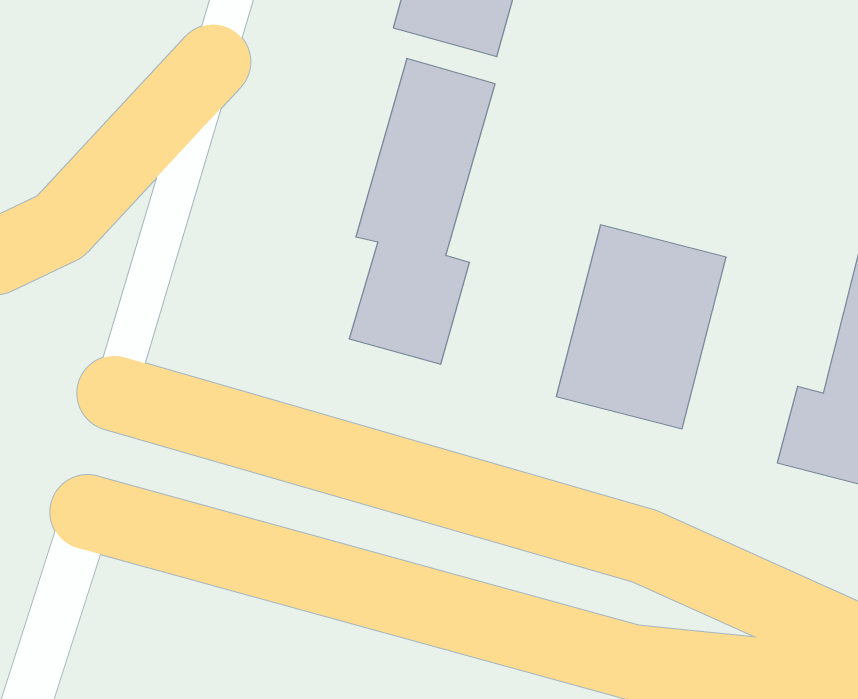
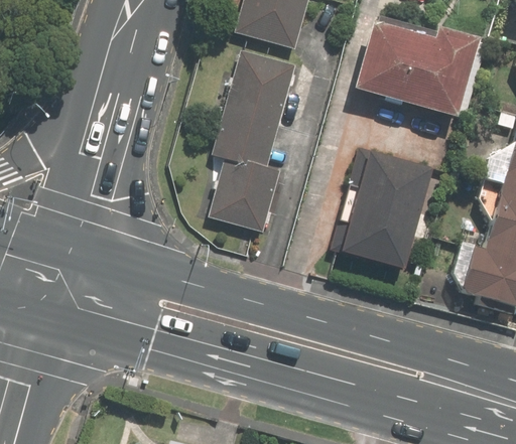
building: none -> [354,19,482,117]

